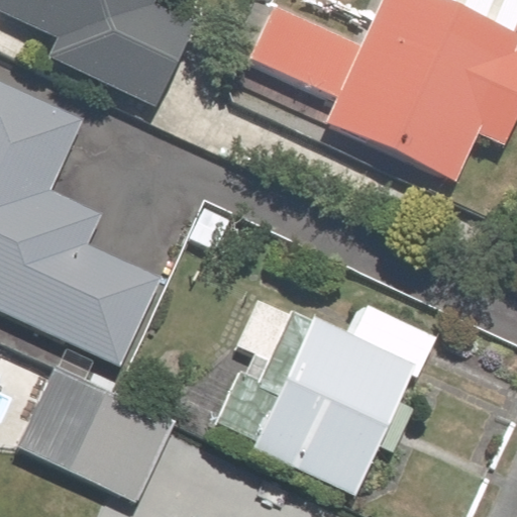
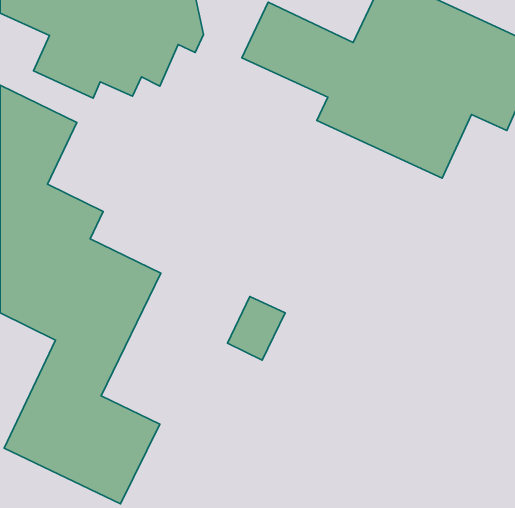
building: [250,300,436,495] -> none

